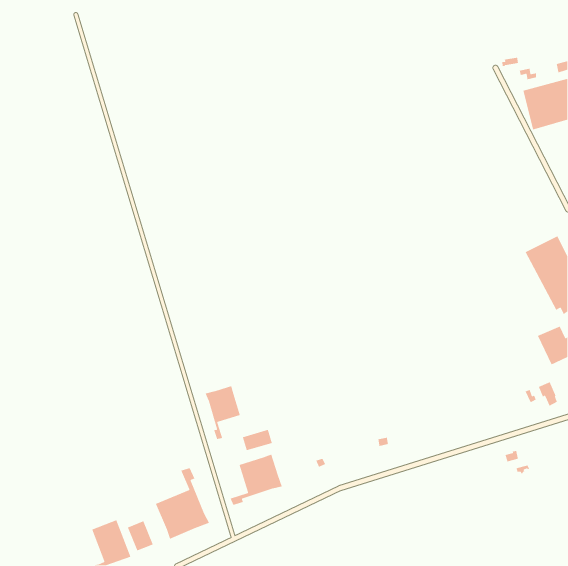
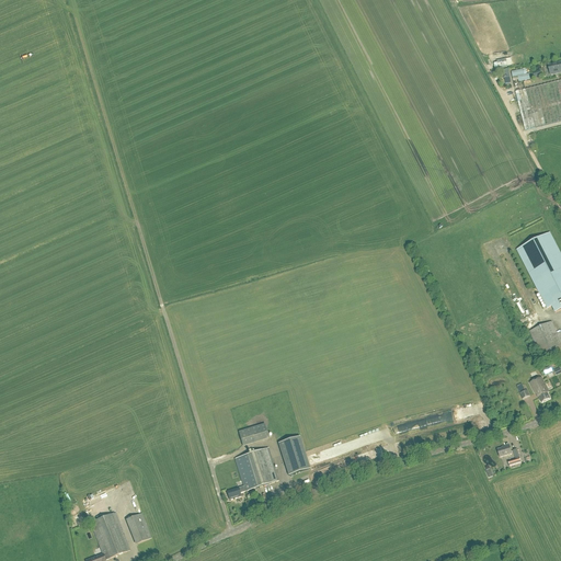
building: [205,385,241,440] -> none
building: none -> [277,434,309,473]
building: [155,467,210,540] -> none

